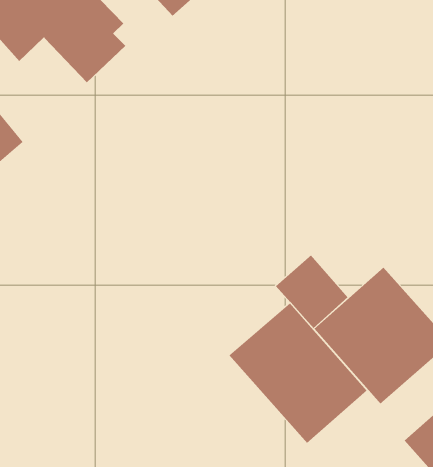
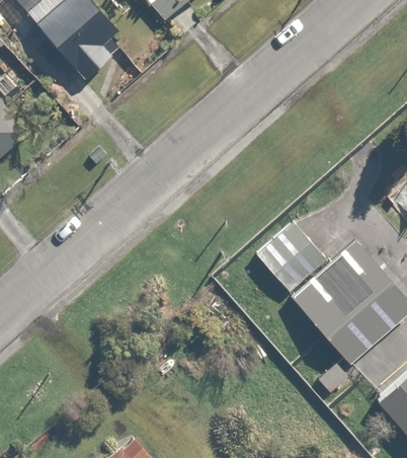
building: [229,302,367,444] -> none

